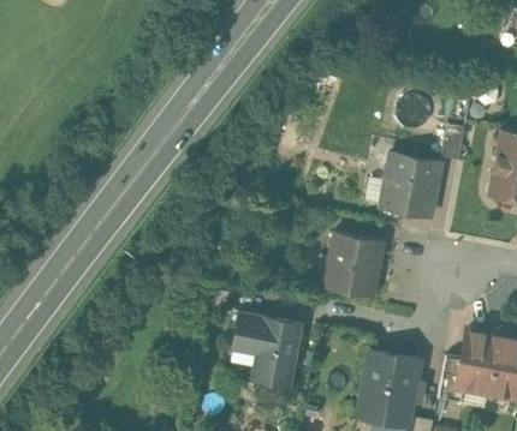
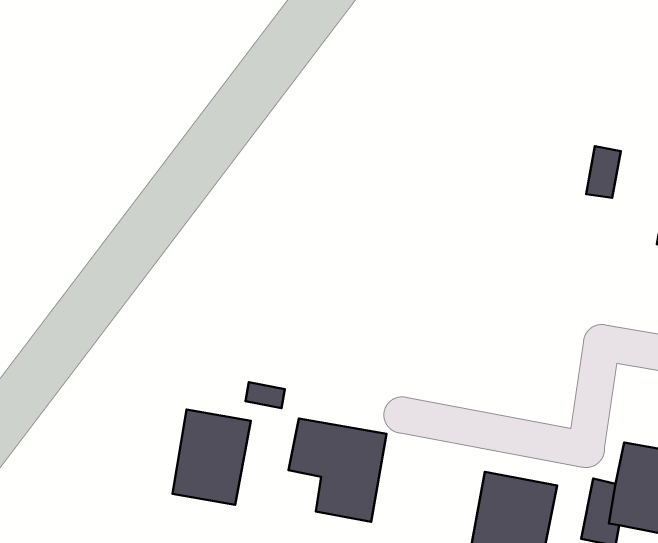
building: [381,155,441,219] -> none
building: [323,234,384,298] -> none
building: none -> [172,409,251,505]

